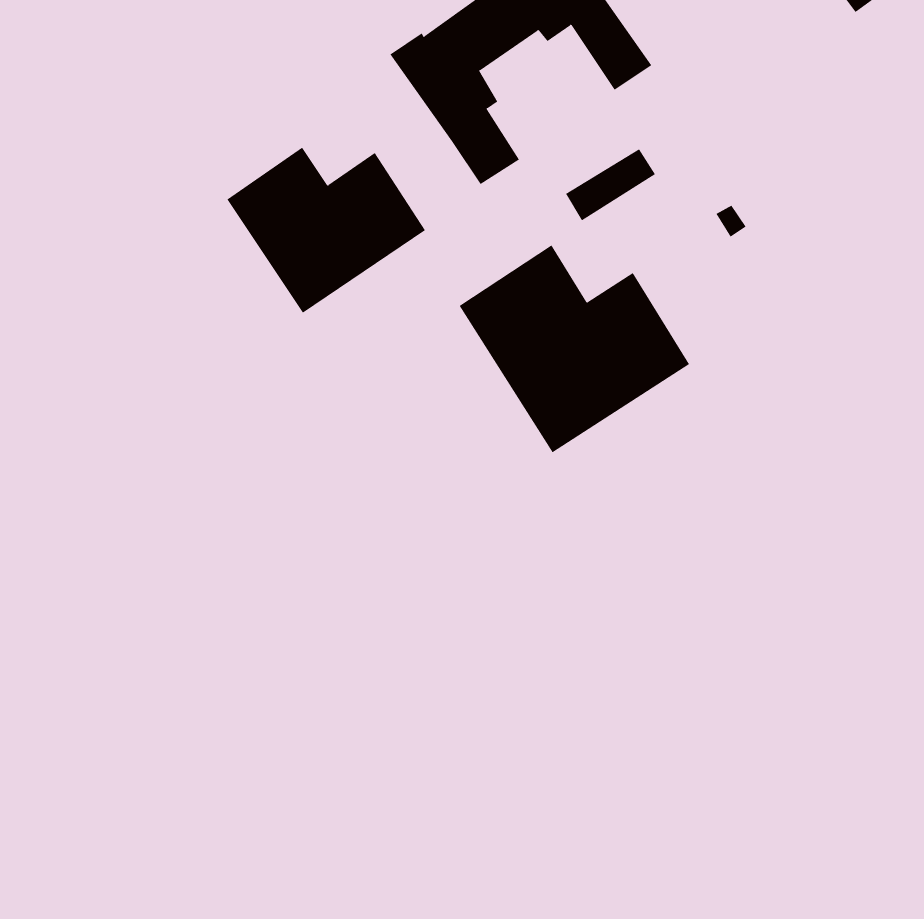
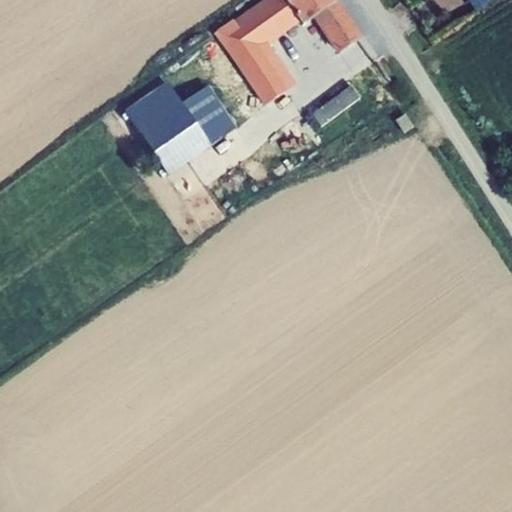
building: [459,245,690,453] -> none

